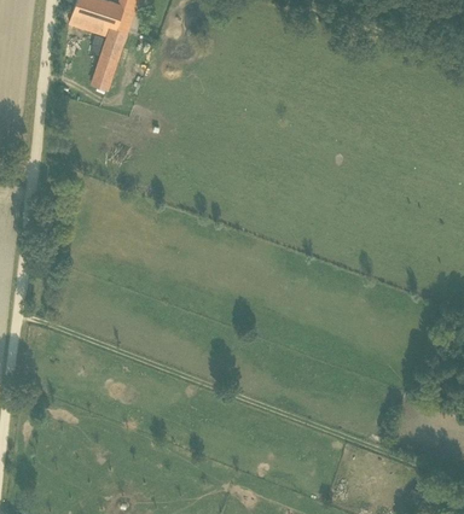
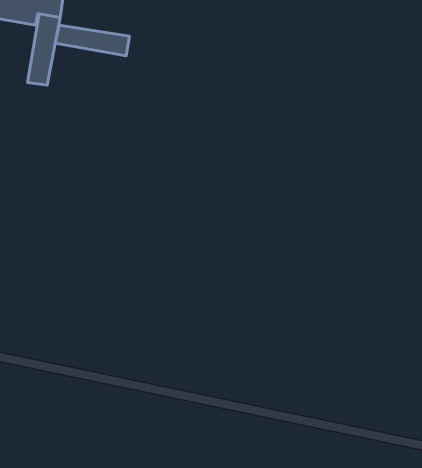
building: none -> [55,25,130,56]

